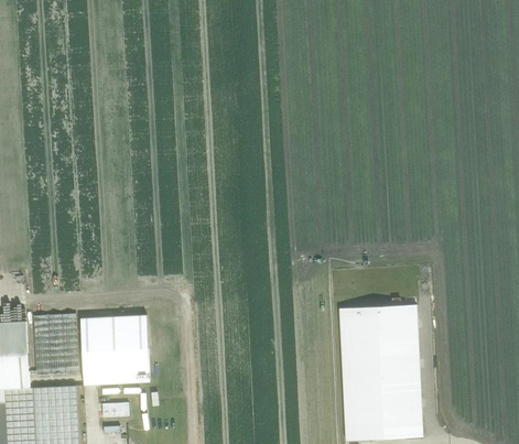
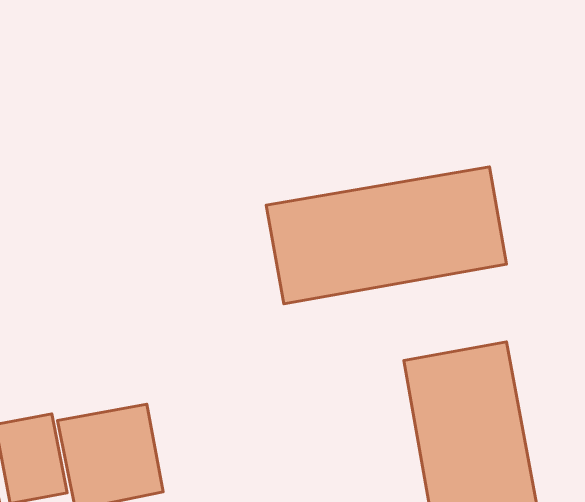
building: none -> [266,167,507,304]

